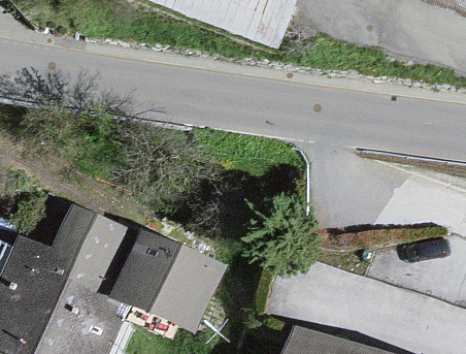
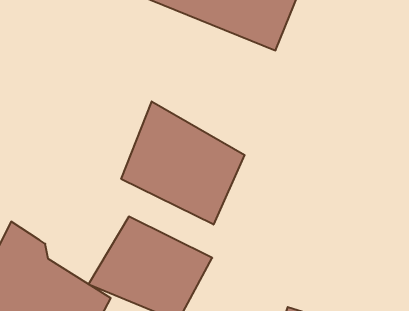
building: none -> [121,101,245,225]
building: [43,201,127,298] -> none

